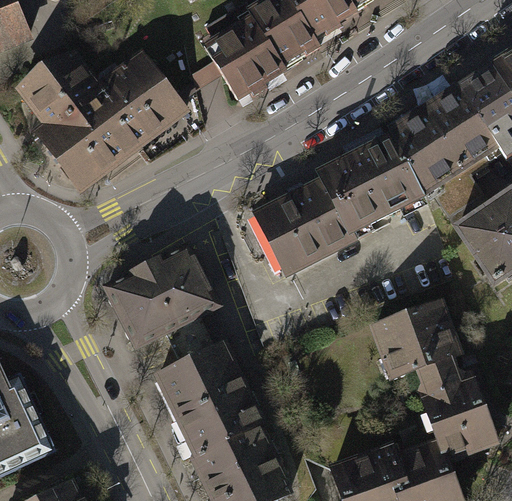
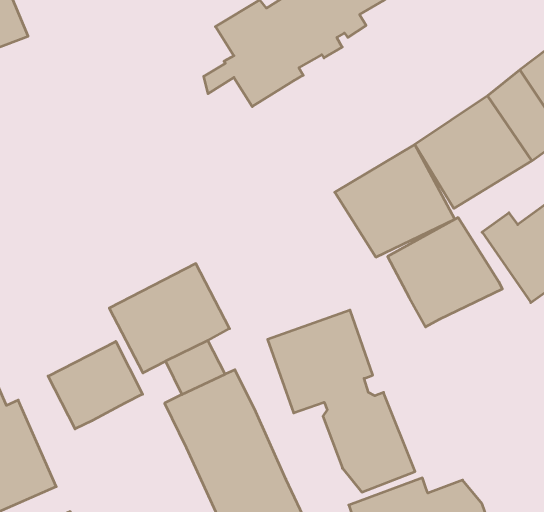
building: [19,47,184,188] -> none
building: [250,179,356,280] -> [388,218,502,327]
building: [364,299,500,467] -> [268,310,415,492]
building: none -> [48,341,143,429]

